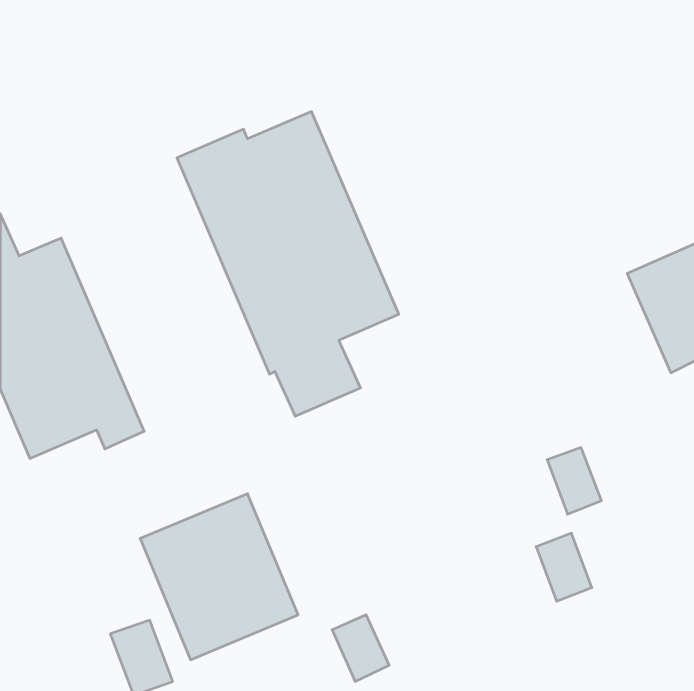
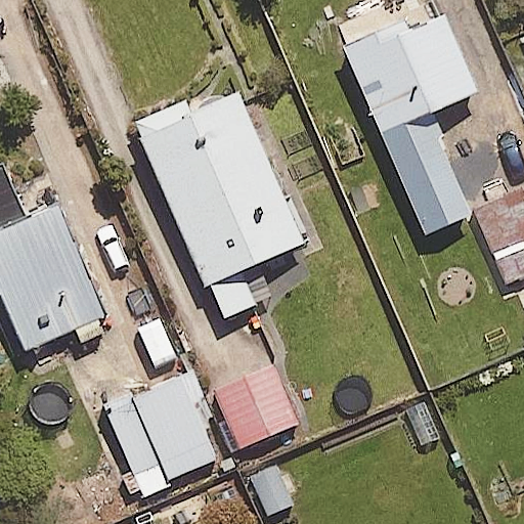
building: none -> [342,7,473,232]
building: none -> [217,365,296,445]

